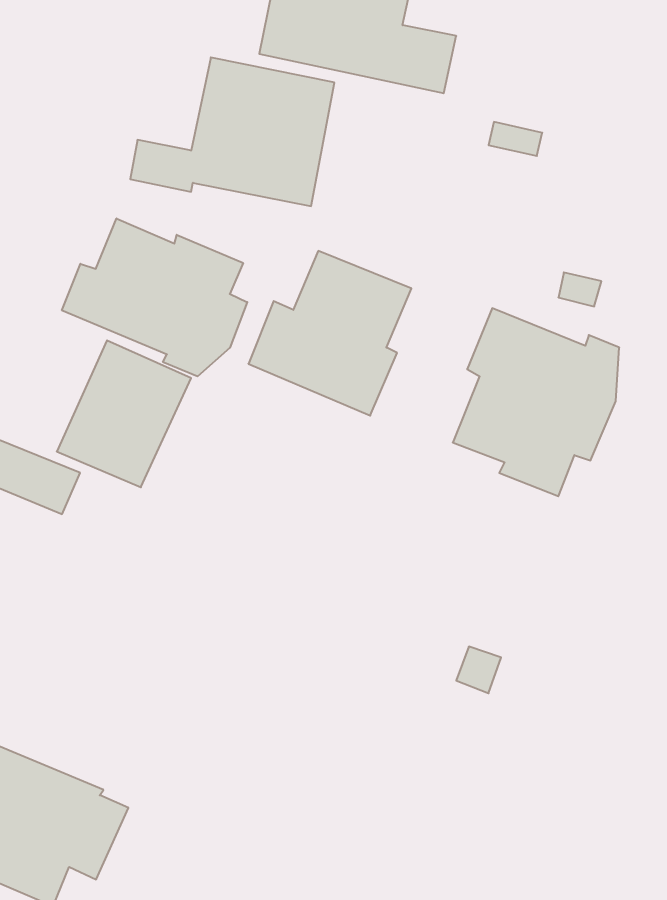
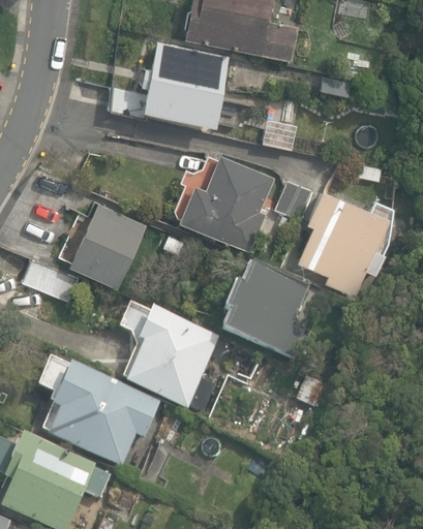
building: [62,218,247,376] -> none
building: none -> [222,261,307,354]
building: none -> [118,299,215,408]
building: none -> [42,356,167,469]

